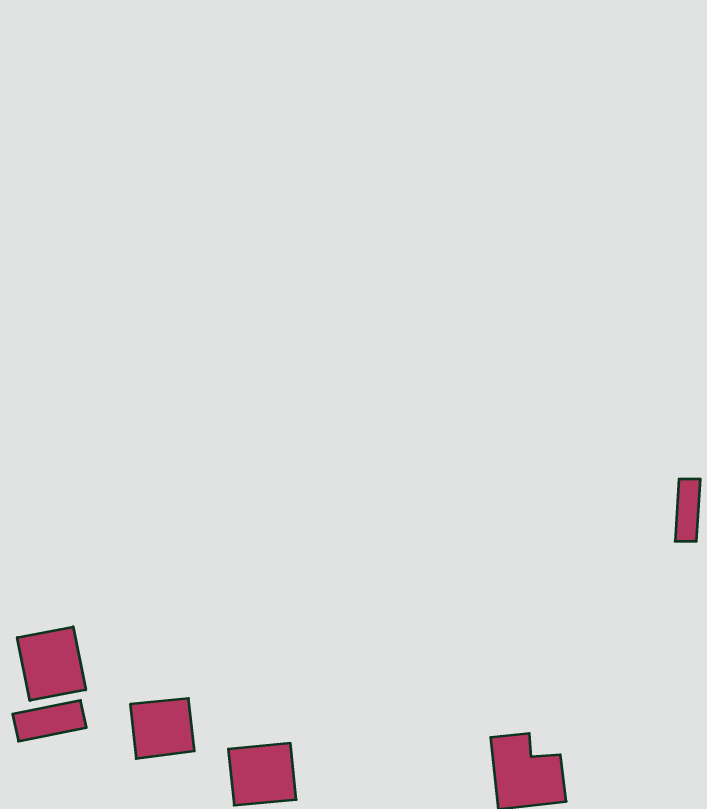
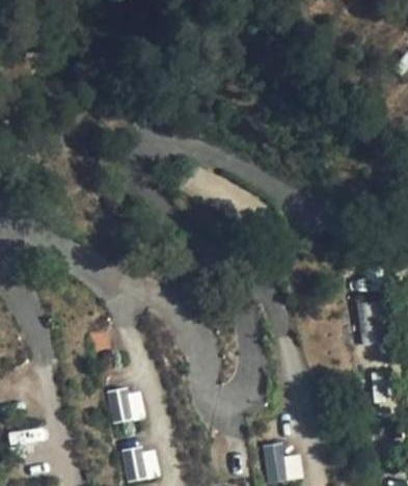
building: [17,627,86,701] -> none
building: [130,698,194,759] -> [111,389,145,422]

